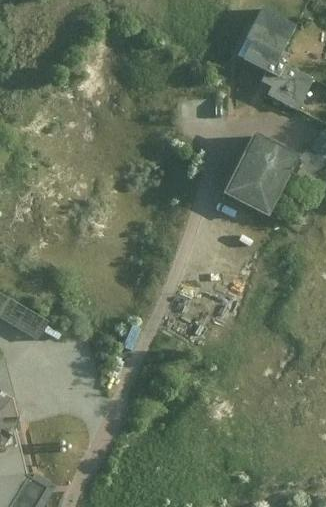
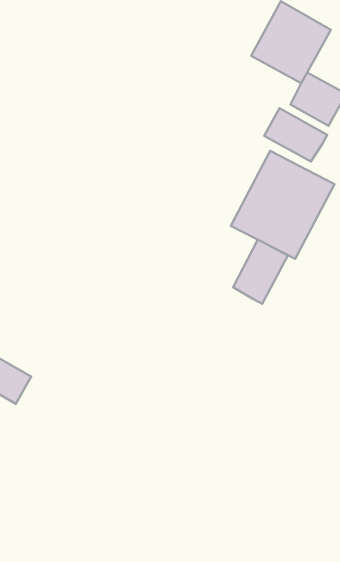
building: none -> [264,108,327,162]
building: none -> [233,240,288,304]

